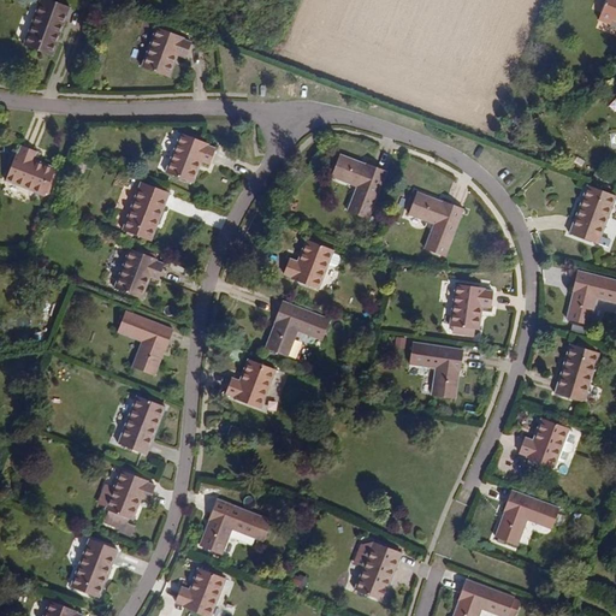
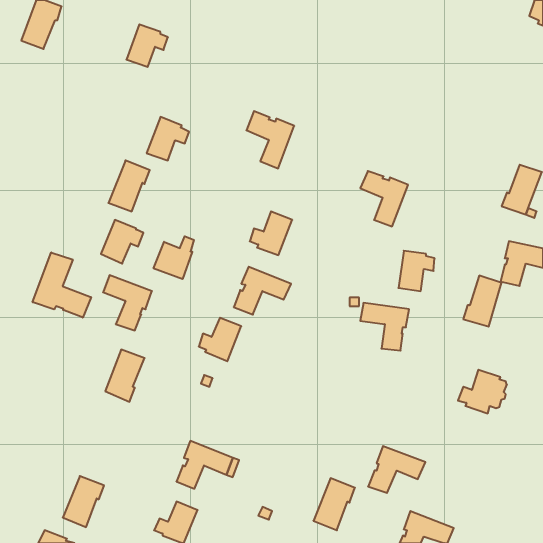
building: [5,146,54,194] -> none
building: [331,154,385,219] -> [246,111,294,168]
building: none -> [154,236,194,279]
building: none -> [33,252,91,318]
building: [553,344,597,402] -> [463,276,502,327]
building: [99,469,155,532] -> none
building: [494,491,559,544] -> [368,446,425,493]

